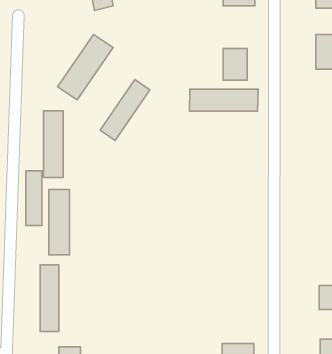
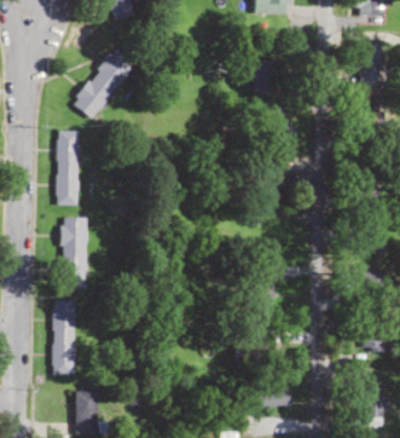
building: [100,80,150,141] -> none
building: [189,89,258,111] -> none
building: [26,171,42,226] -> none

